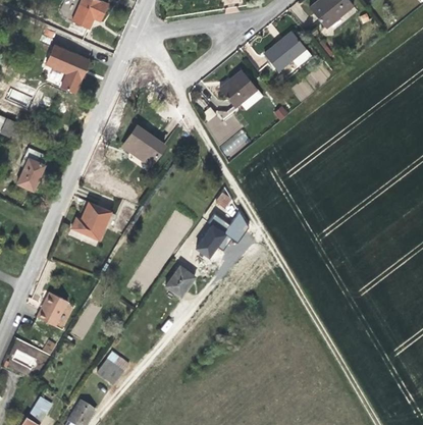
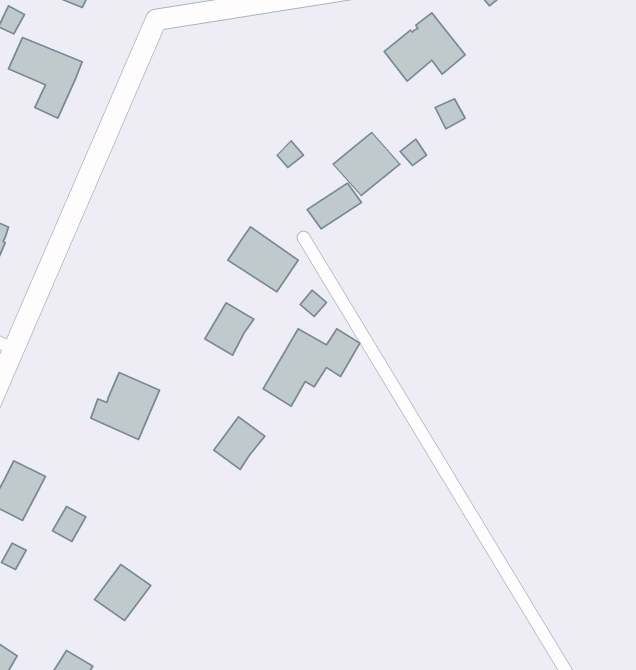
building: [218,70,257,107] -> [333,132,400,196]
building: [122,126,163,164] -> [228,227,298,292]
building: none -> [205,303,254,355]
building: [71,202,111,241] -> [91,373,159,439]

